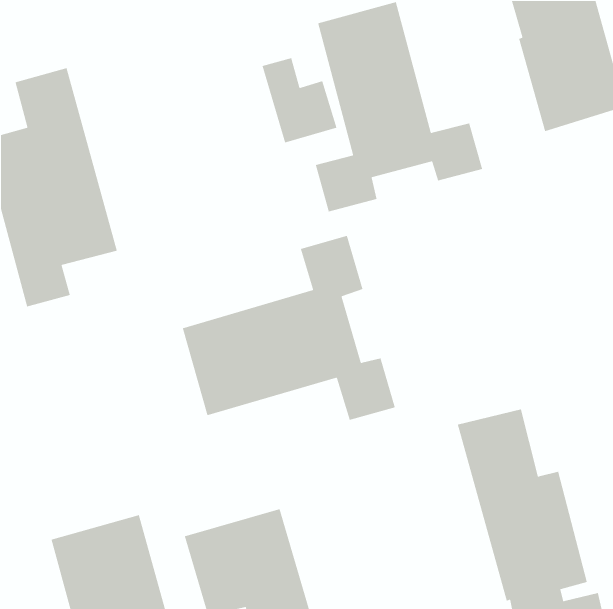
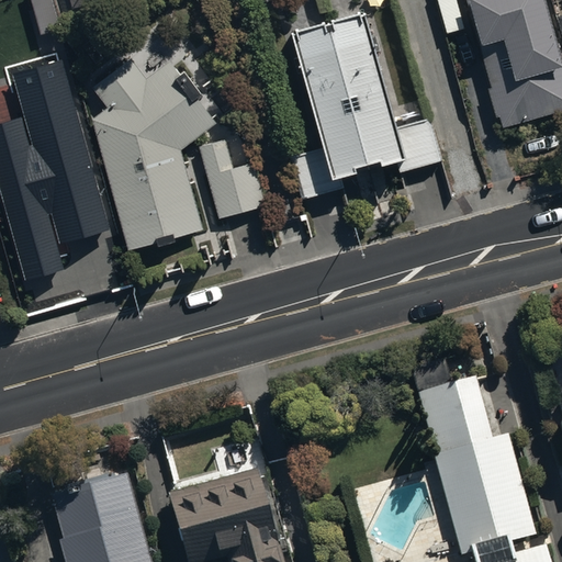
building: [262,57,337,144] -> [199,139,268,218]
building: none -> [92,57,216,249]
building: [182,235,396,421] -> none

